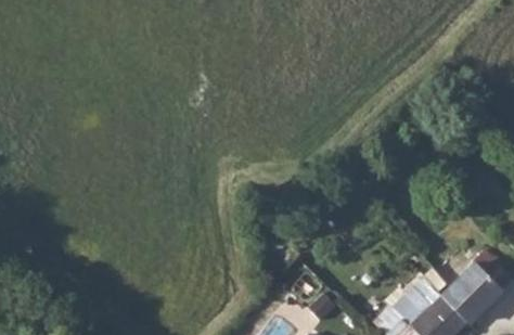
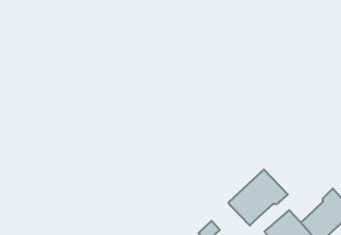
building: none -> [229,170,288,225]

